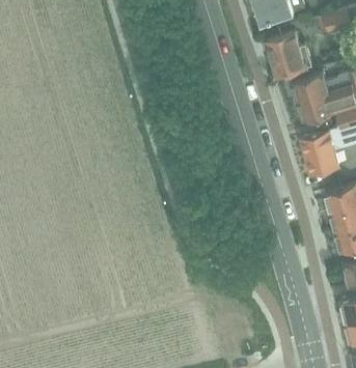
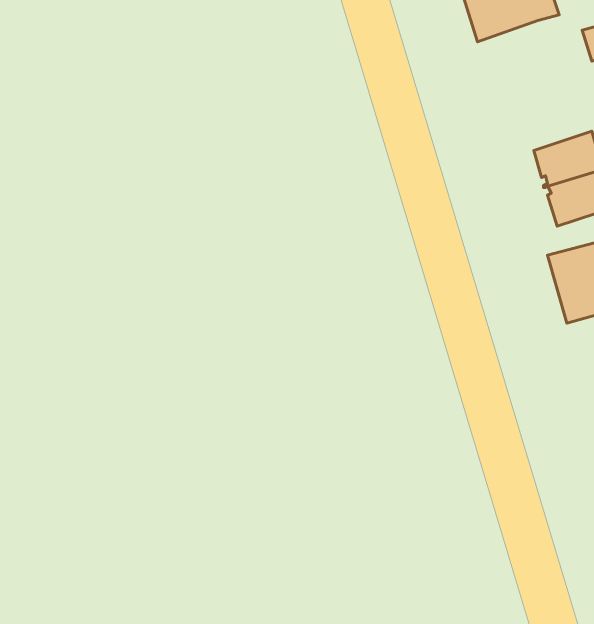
building: [265,32,310,76] -> none

